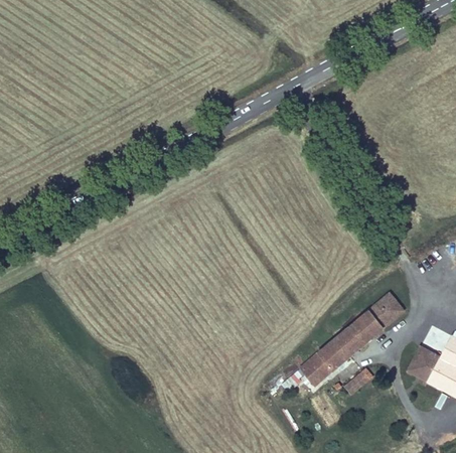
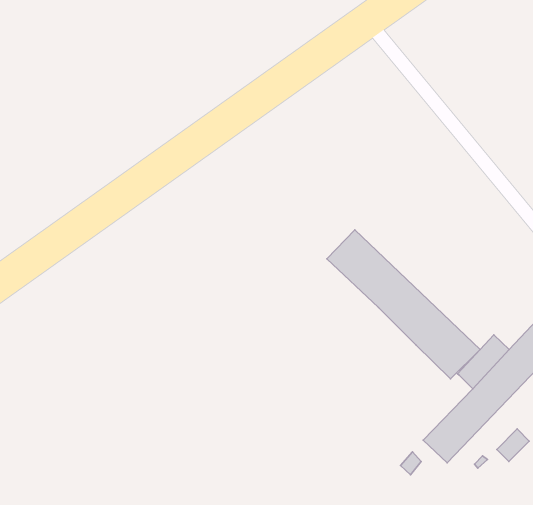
building: none -> [327,230,480,379]

